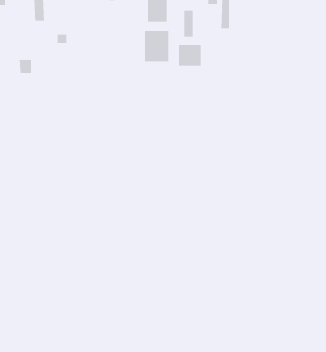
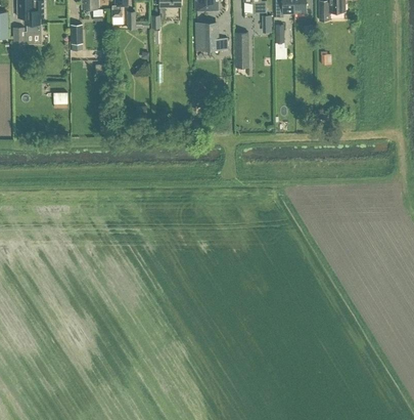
building: [145,30,169,62] -> none
building: [178,44,201,66] -> none

